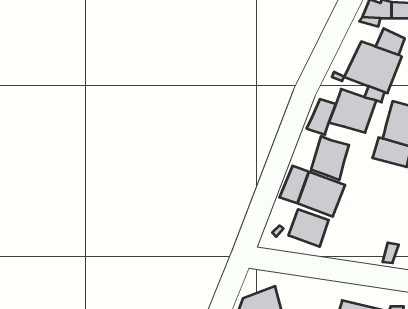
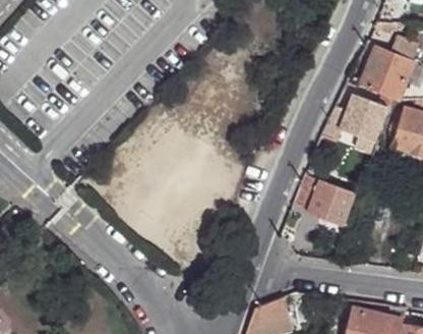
building: [311,136,349,180] -> none
building: [289,209,329,247] -> none

